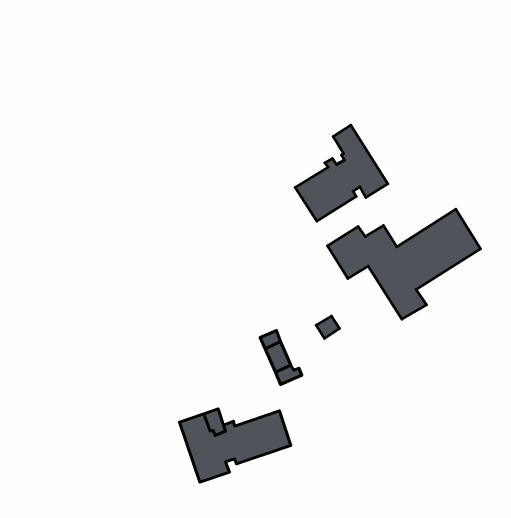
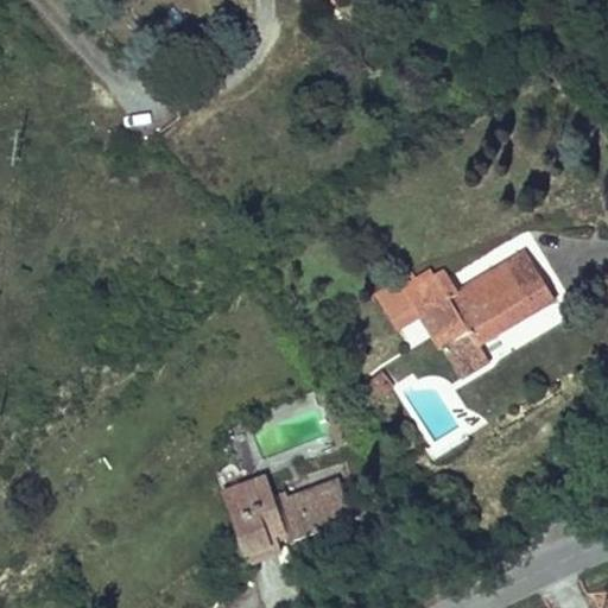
building: [295,125,388,221] -> none

